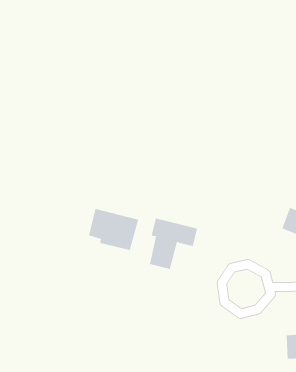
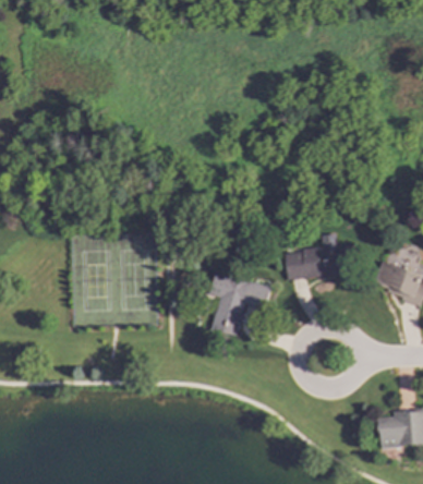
building: none -> [287,235,348,278]
building: [88,208,139,251] -> none

